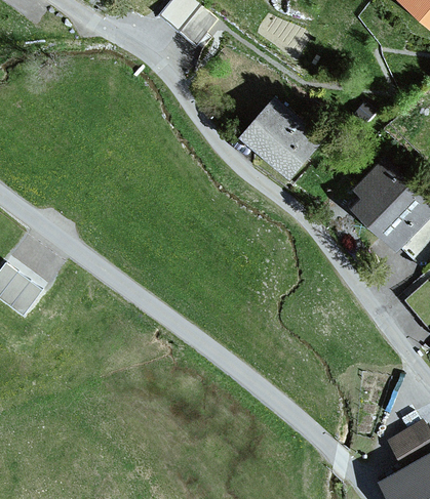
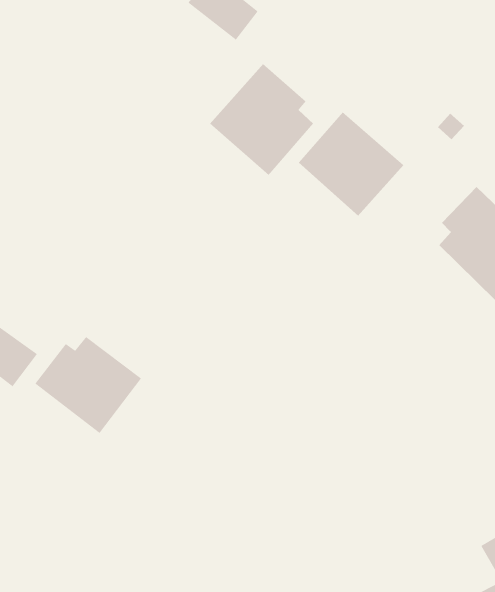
building: none -> [209,63,314,176]
building: none -> [35,336,142,434]

